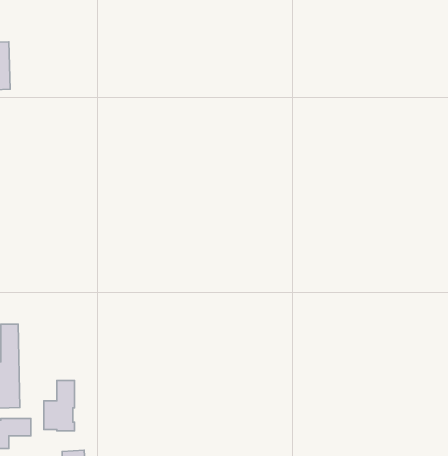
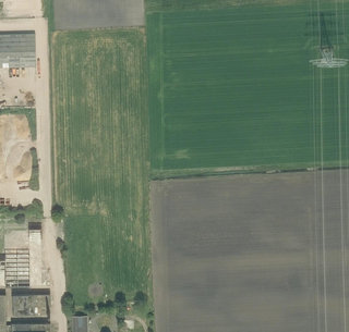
building: [44,381,74,431] -> none

